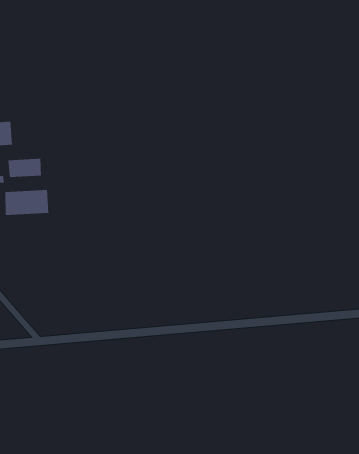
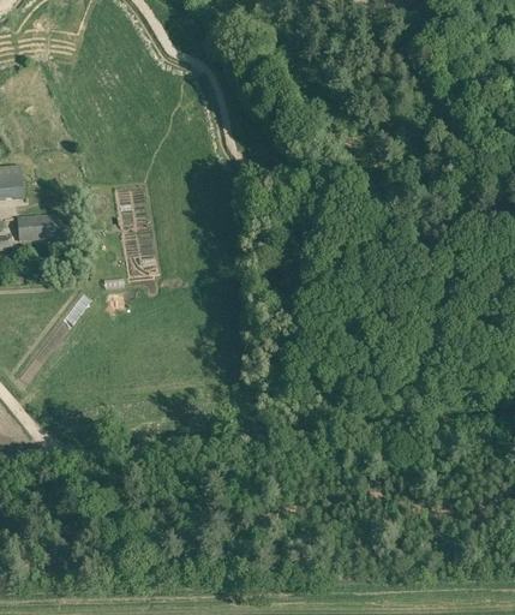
building: [5,189,49,216] -> none

